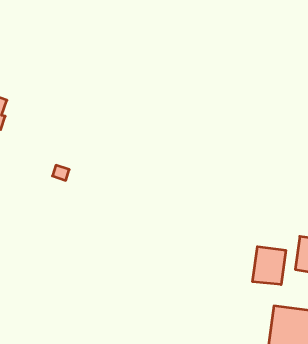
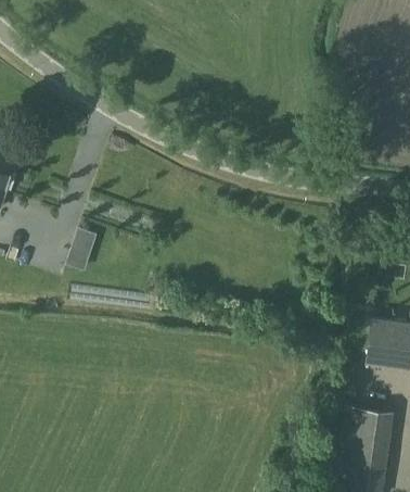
building: [253,247,286,285] -> none

